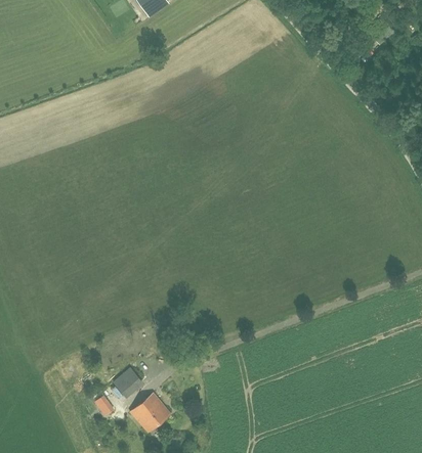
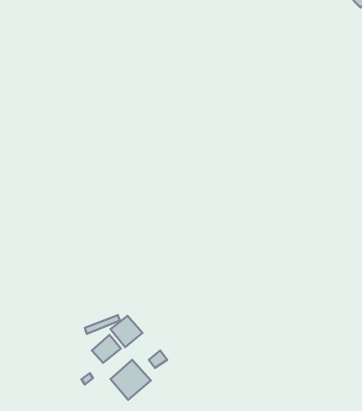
building: none -> [111,316,142,347]

